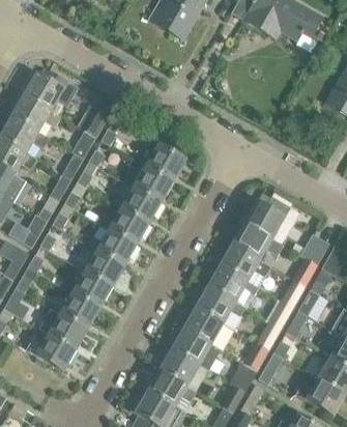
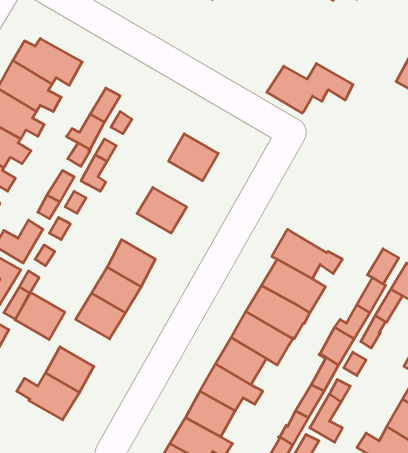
building: [134,167,173,203] -> none
building: [243,200,312,239] -> [267,63,353,113]
building: [109,208,148,245] -> none
building: [60,292,99,330] -> [15,293,65,340]

